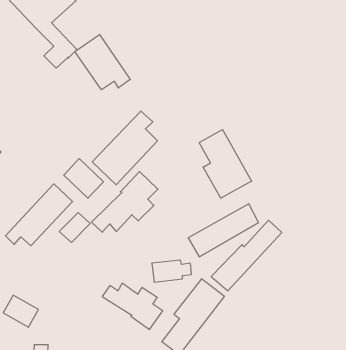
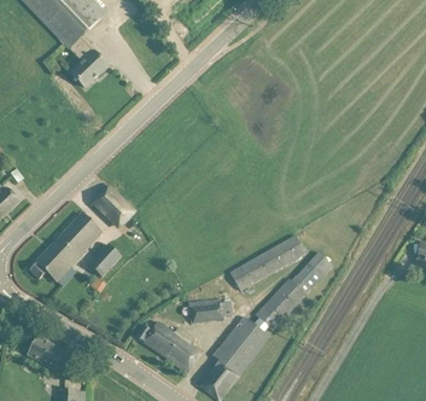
building: [75,34,130,90] -> none
building: [92,111,157,185] -> none
building: [199,130,252,198] -> none
building: [91,172,158,232] -> none

